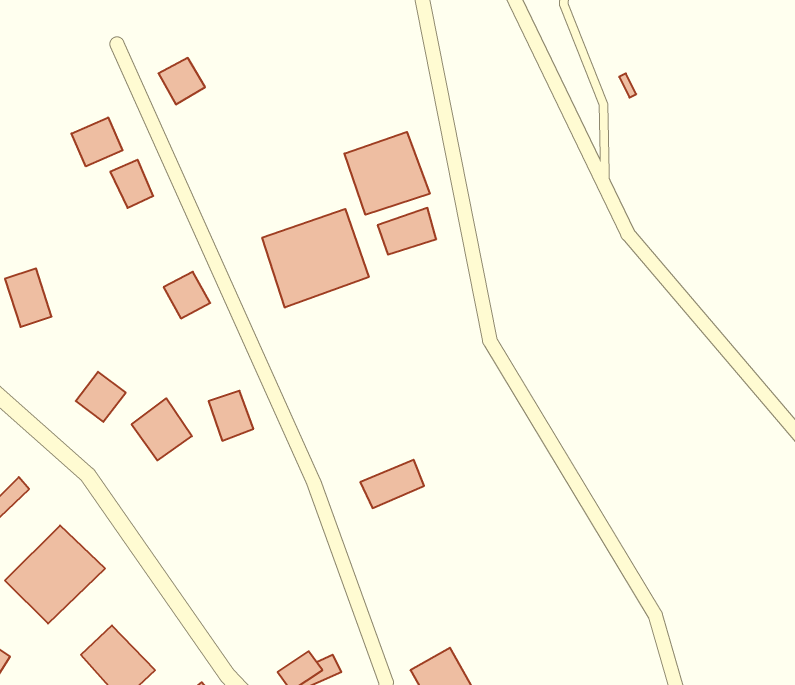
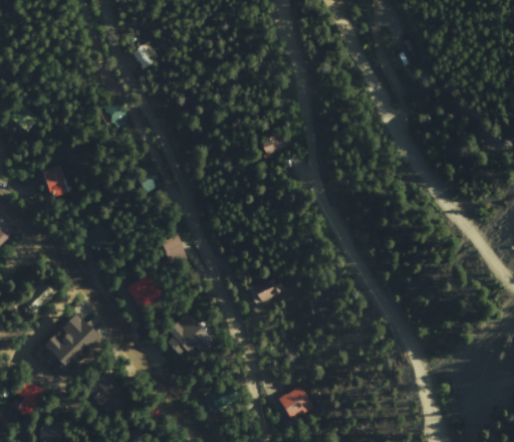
building: [71,117,123,166] -> none
building: [344,132,430,215] -> none
building: [262,209,369,308] -> none
building: [132,398,192,460] -> [127,274,163,310]
building: none -> [168,312,214,358]

